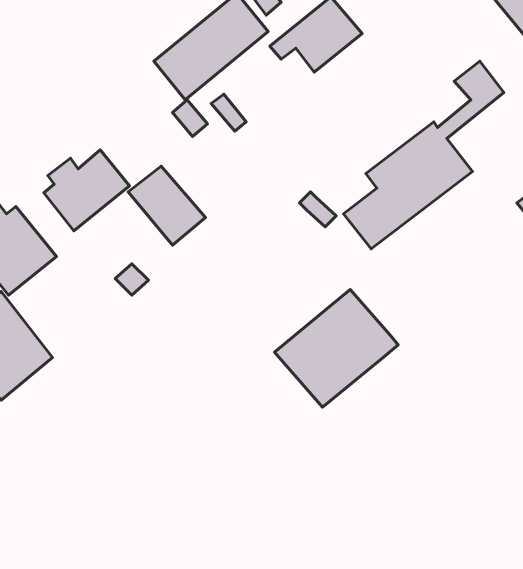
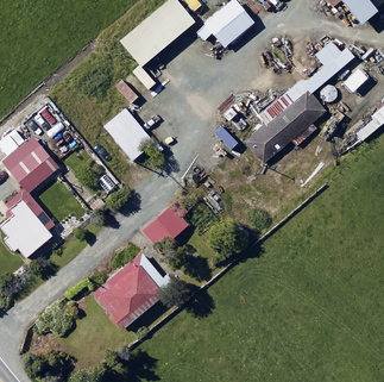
building: [44,150,129,231] -> none
building: [275,289,398,407] -> [93,252,172,328]
building: none -> [141,206,185,249]

